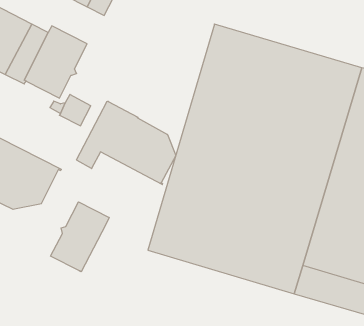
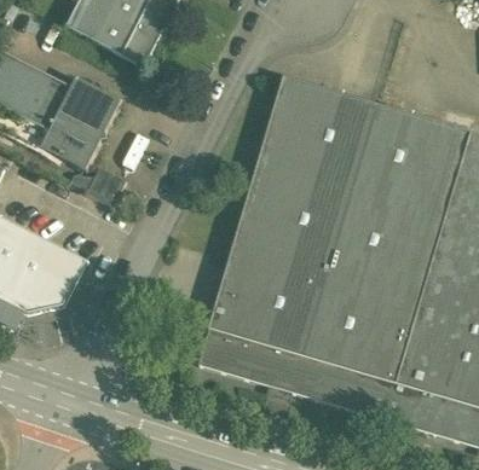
building: [77,101,176,185] -> none
building: [51,202,109,272] -> none

